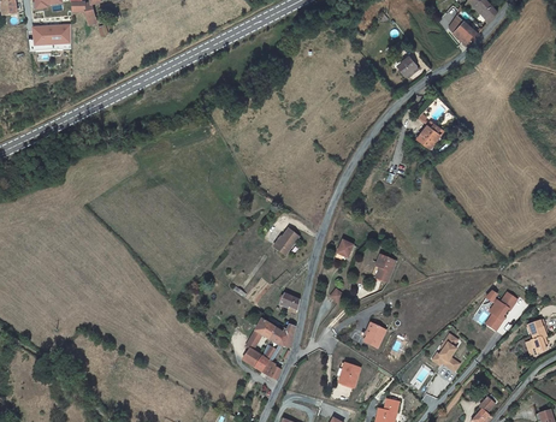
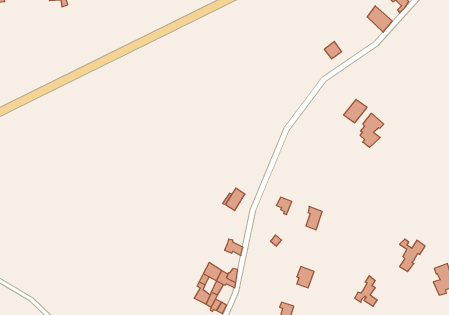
building: [32,23,71,48] -> none
building: none -> [360,113,384,147]

